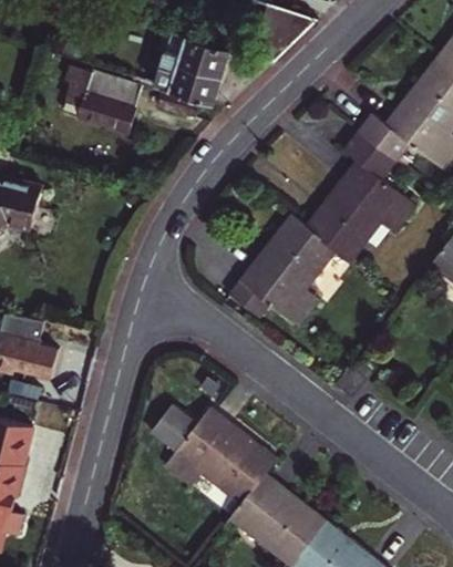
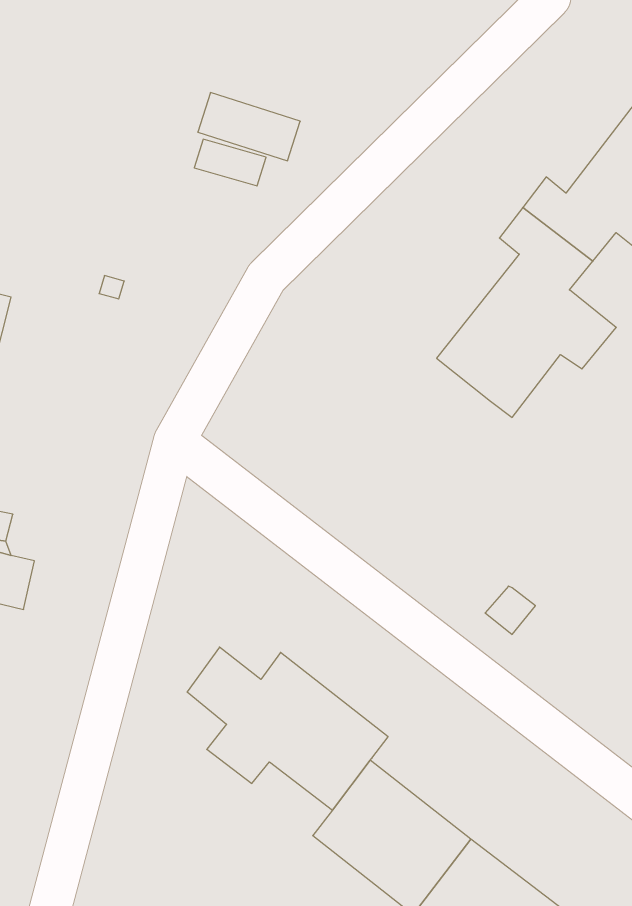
building: [166,32,229,78] -> none
building: [63,66,142,132] -> none
building: [228,213,339,327] -> none

